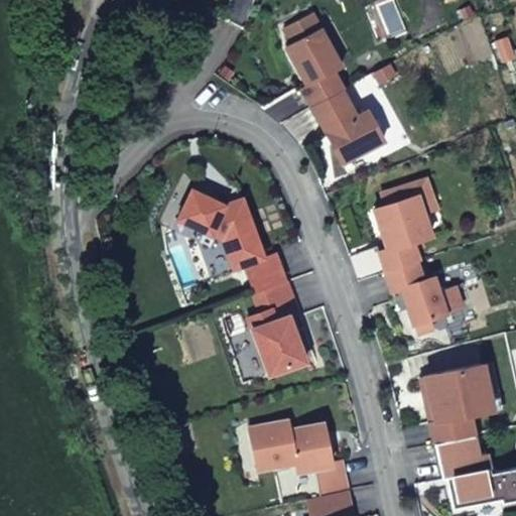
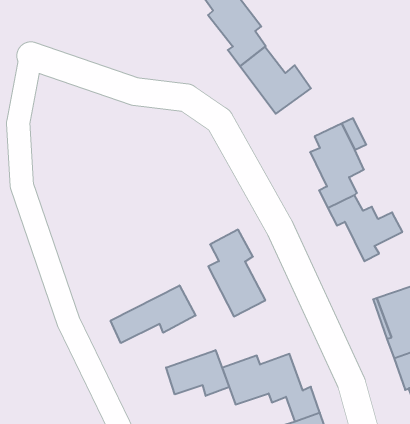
building: [180,192,288,292] -> none
building: none -> [111,285,196,343]
building: none -> [166,350,229,396]

